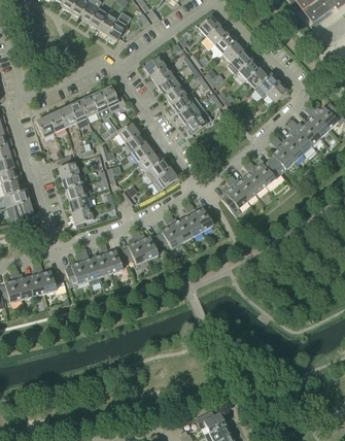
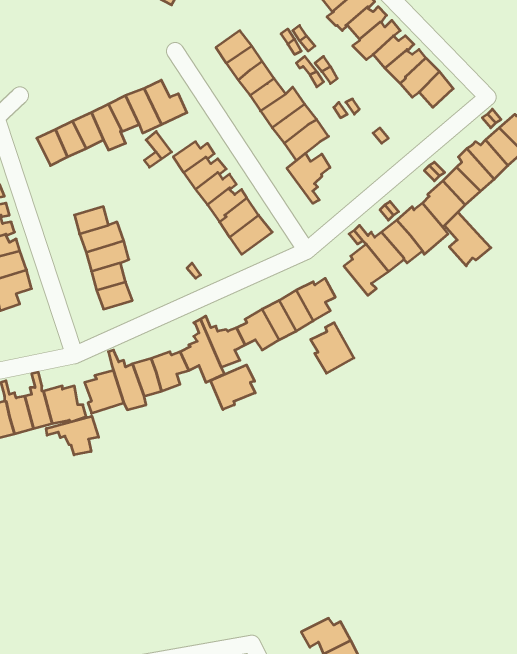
building: none -> [287,153,330,203]
building: none -> [444,212,491,266]
building: none -> [311,323,354,373]
building: none -> [210,365,255,410]
building: none -> [46,416,99,455]

